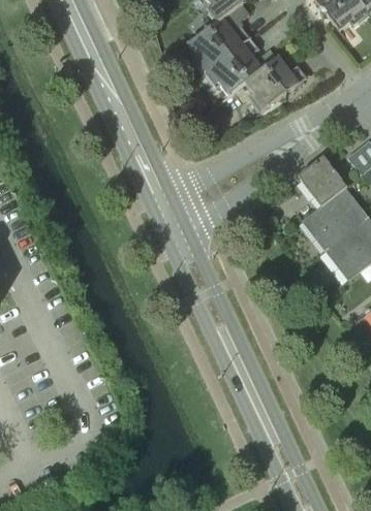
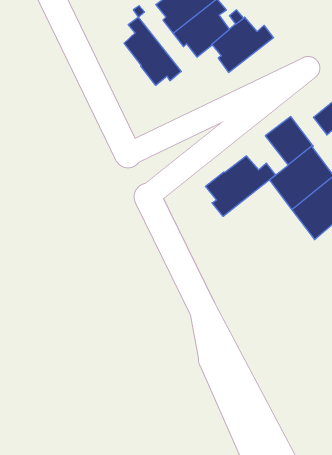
building: none -> [124,17,181,85]
building: none -> [205,156,276,216]

